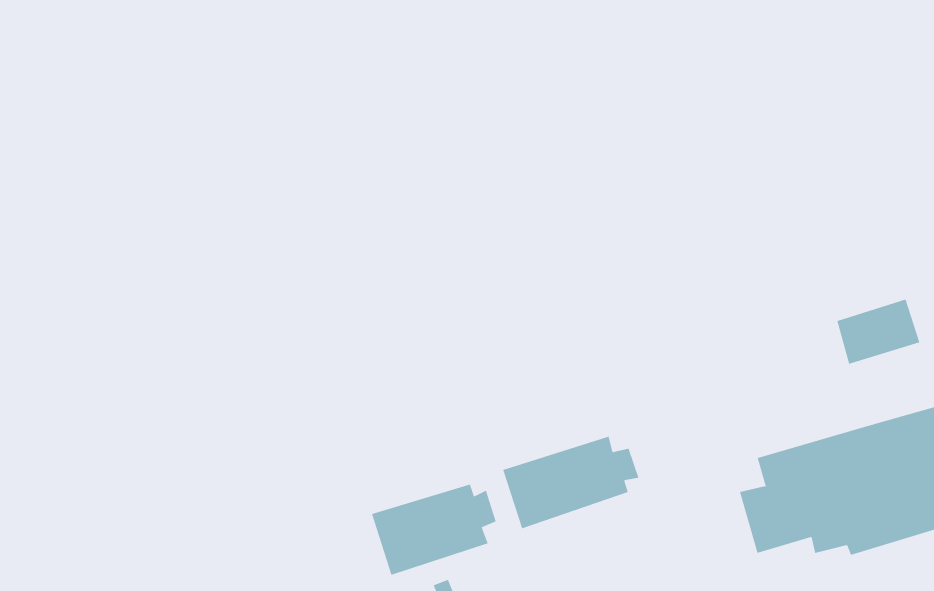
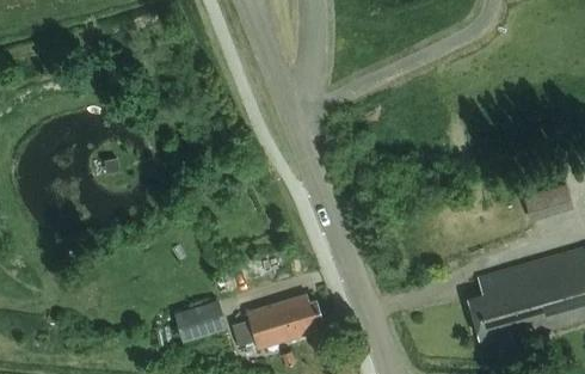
building: [502,436,639,529] -> none
building: none -> [176,301,228,344]

